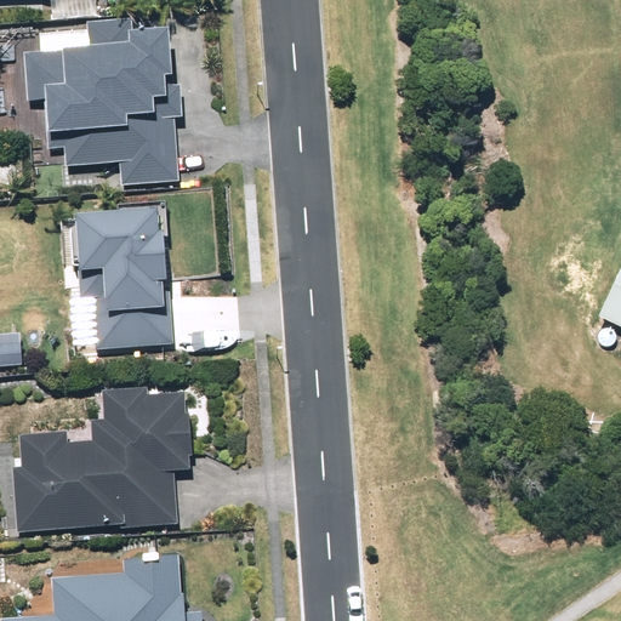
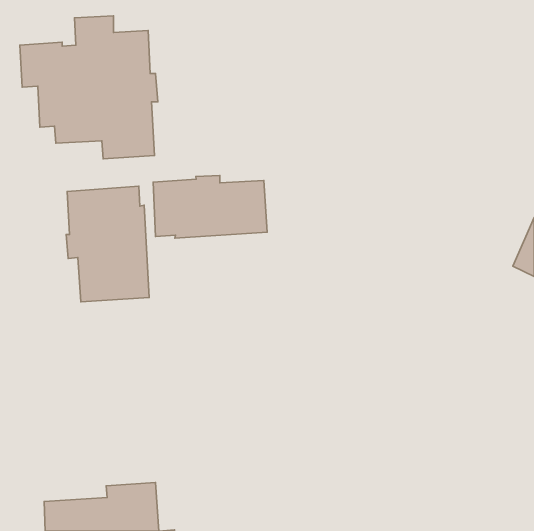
building: none -> [153,176,267,238]
building: [11,388,192,531] -> none

